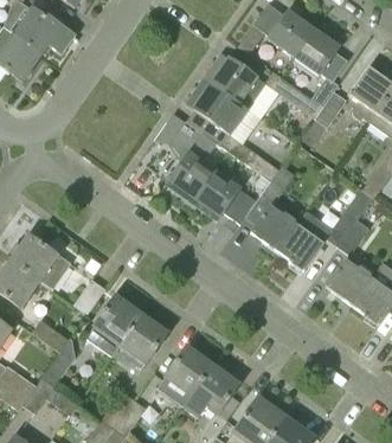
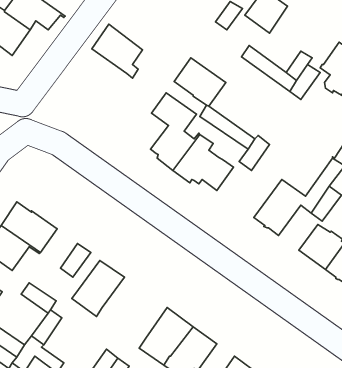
building: [294,28,338,75] -> none
building: [211,57,264,114] -> [92,24,142,78]
building: [250,204,307,251] -> none
building: [117,314,167,365] -> none

